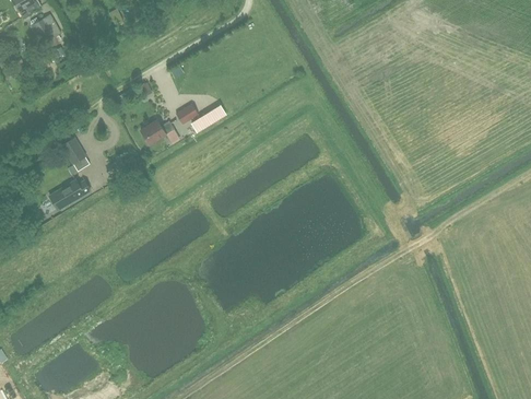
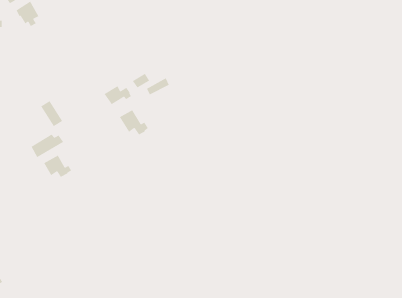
building: none -> [119,109,149,135]
building: none -> [43,155,72,178]

